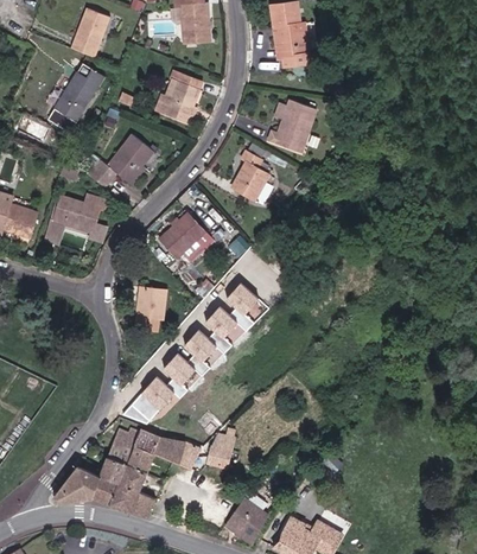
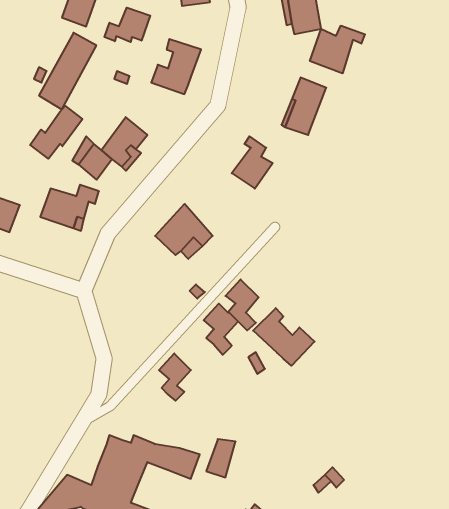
building: none -> [104,8,150,42]
building: none -> [310,26,365,73]
building: none -> [30,106,82,159]
building: [133,286,163,319] -> none
building: none -> [253,308,315,366]
building: [184,331,214,377] -> none
building: [122,377,171,422] -> none

